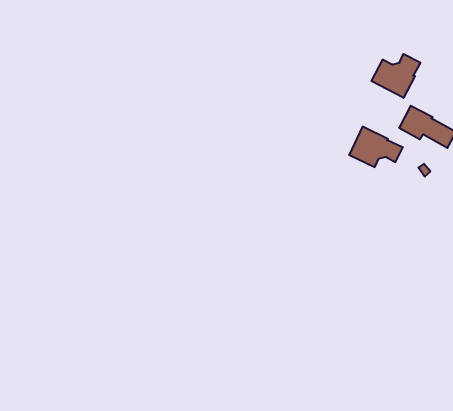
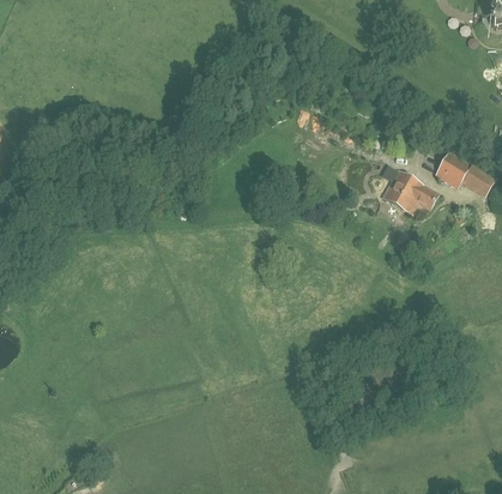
building: [372,54,420,98] -> none

